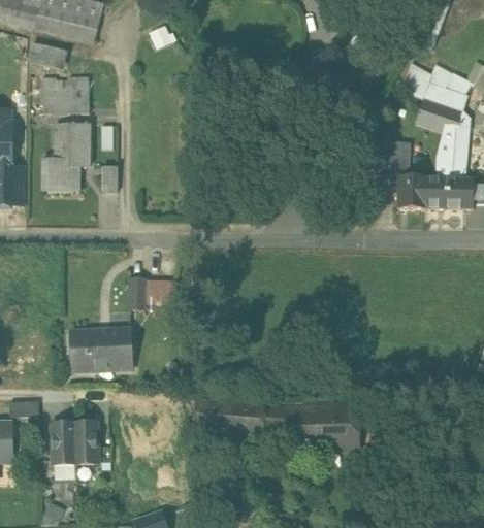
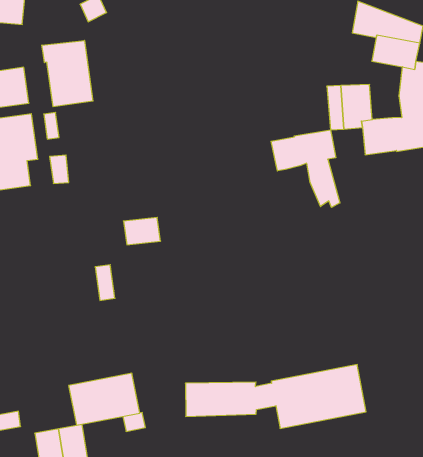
building: none -> [42,40,93,107]
building: none -> [271,130,340,207]
building: [143,277,175,301] -> [123,217,161,245]
building: [69,328,132,369] -> [69,373,140,425]

